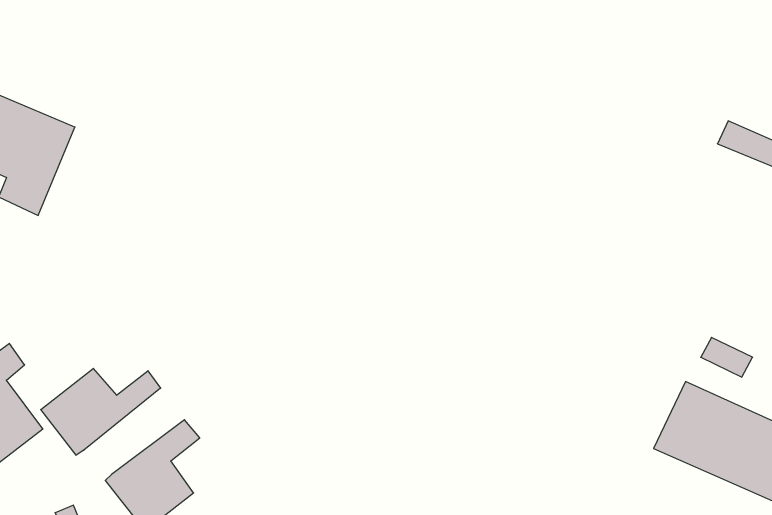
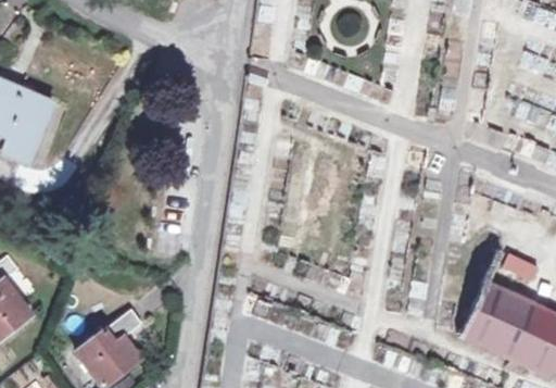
building: [41,368,161,455] -> none

